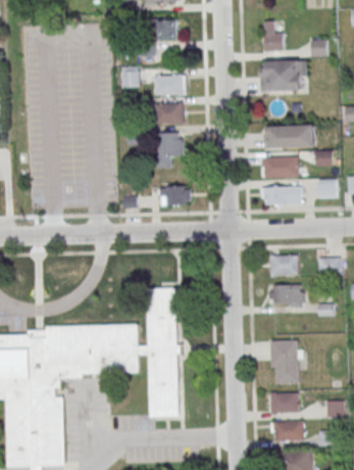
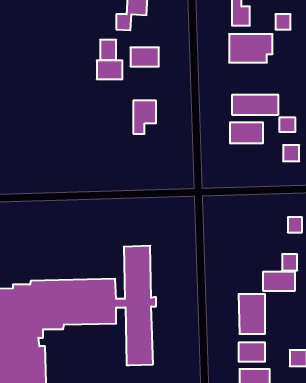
building: [156,103,184,124] -> [97,60,122,79]
building: [159,186,189,205] -> none
building: [261,186,301,204] -> none
building: [270,254,296,276] -> none
building: [268,284,303,304] -> [263,272,295,291]

